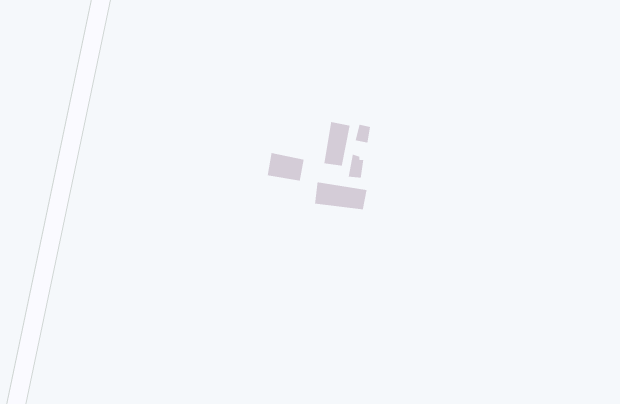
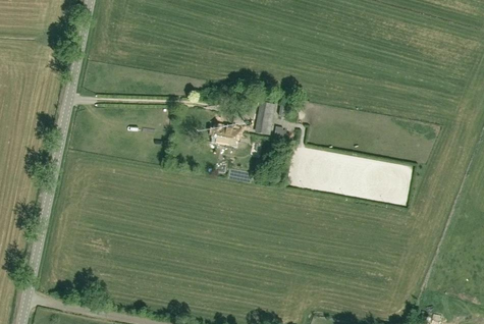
building: [314,182,367,210] -> none

